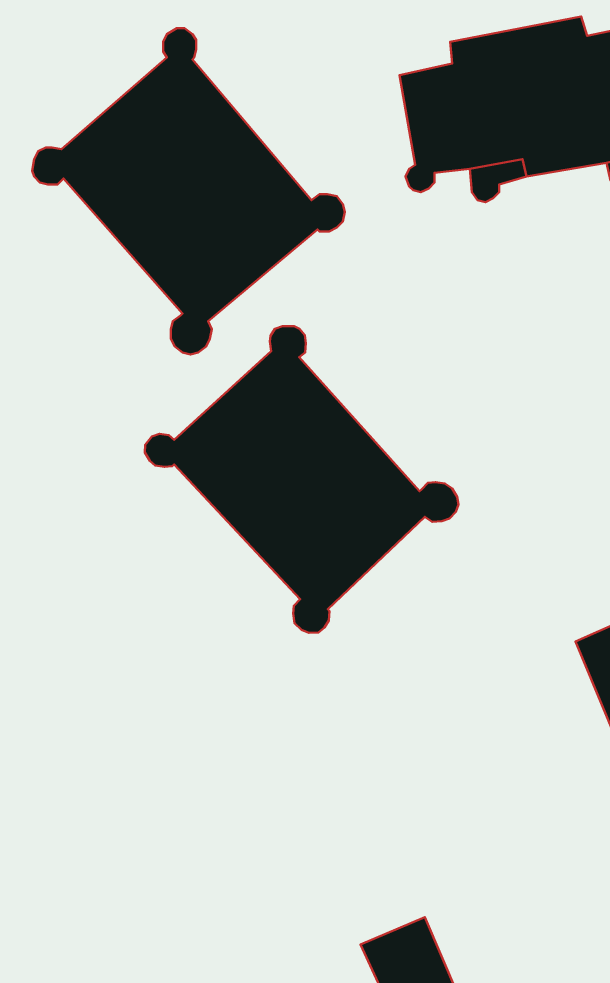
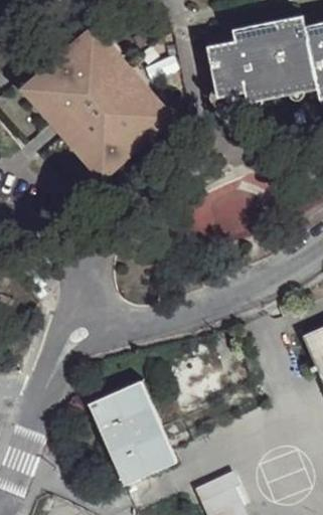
building: [145,326,458,633] -> none
building: none -> [91,383,175,483]

